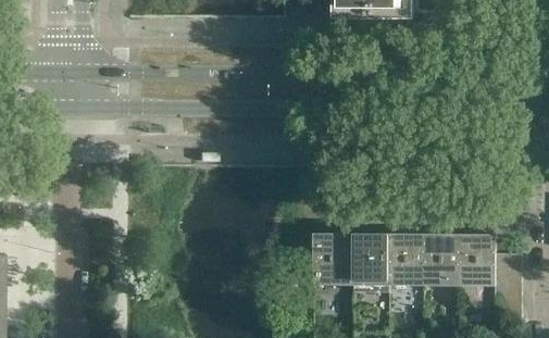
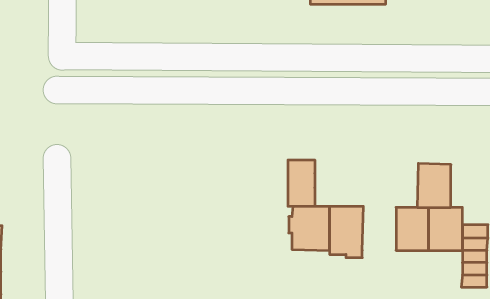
building: none -> [288,160,315,206]
building: [387,233,423,279] -> [417,163,451,207]

